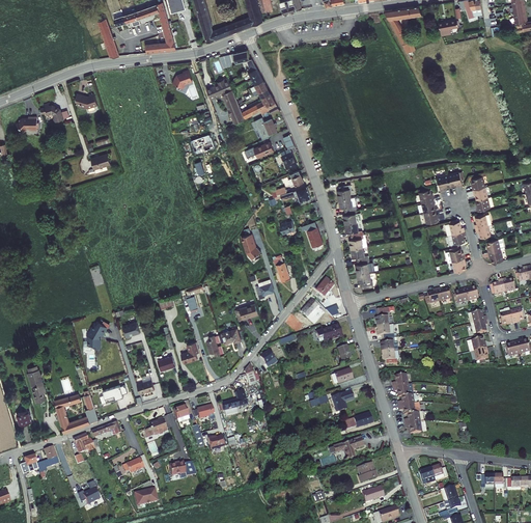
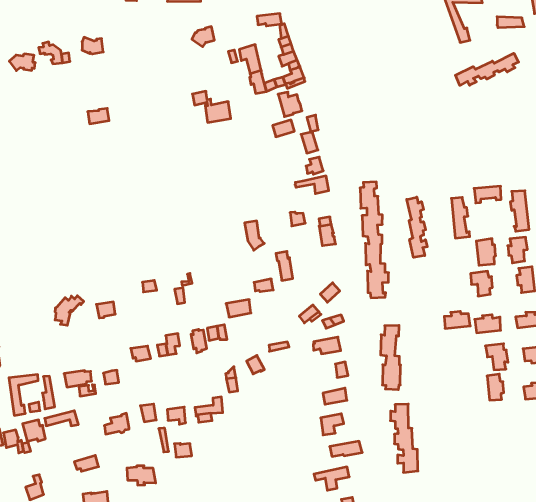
building: none -> [455,53,519,85]
building: none -> [407,197,427,257]

